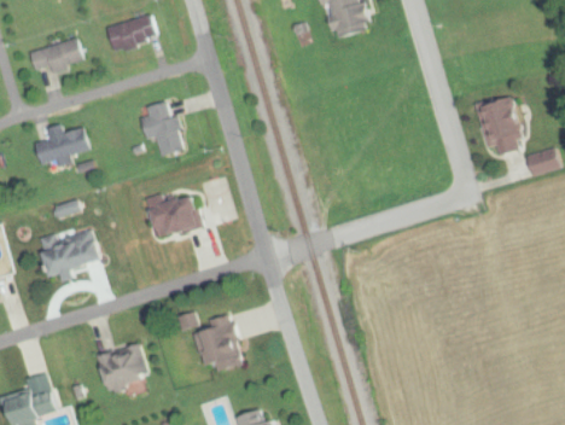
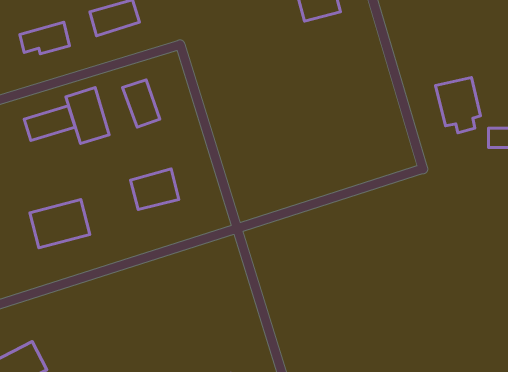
building: none -> [66,88,109,143]
building: [194,325,240,369] -> none
building: [97,345,148,392] -> none

